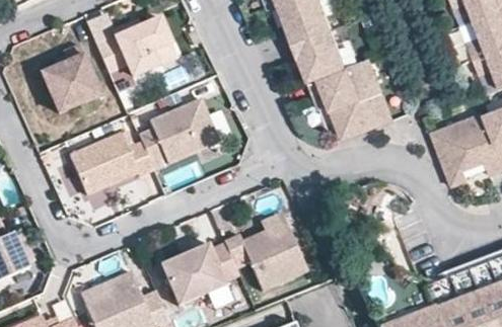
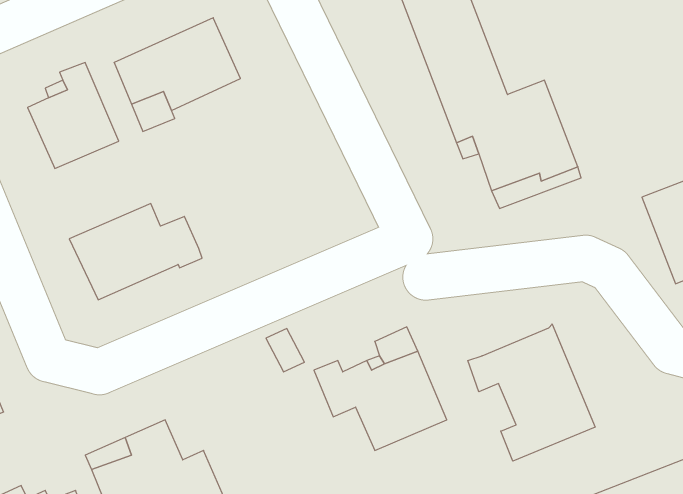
building: [137,98,219,170] -> none
building: none -> [468,324,595,461]
building: [160,240,237,303] -> none

